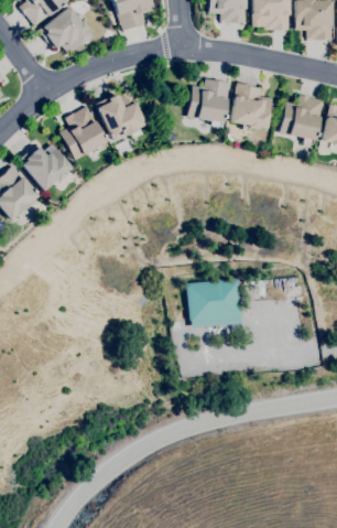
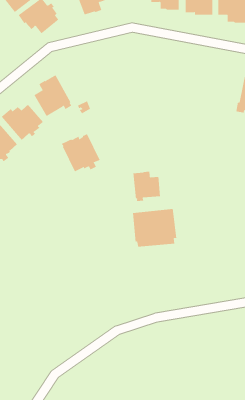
building: [186,78,230,132] -> none
building: [231,83,272,129] -> none
building: [96,90,146,140] -> [61,133,100,172]
building: [280,95,324,143] -> none
building: none -> [133,171,161,202]

